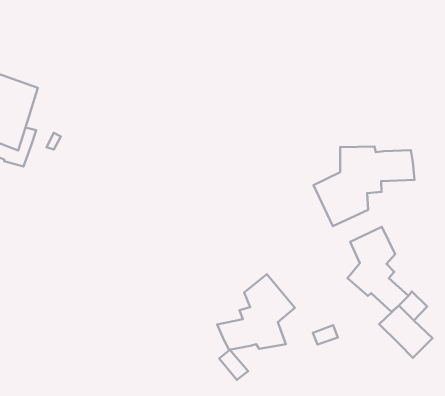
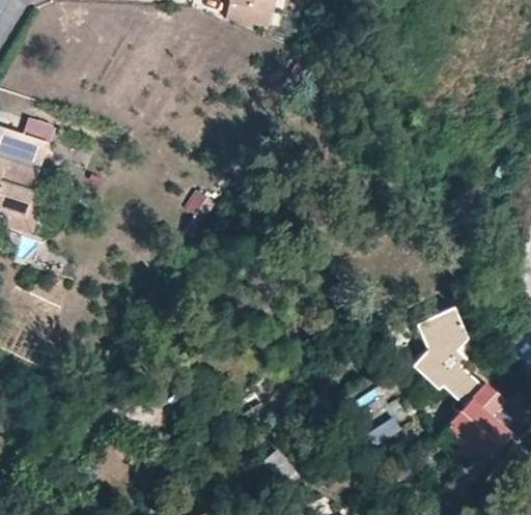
building: [314,146,415,226] -> none
building: [217,274,295,350] -> none

